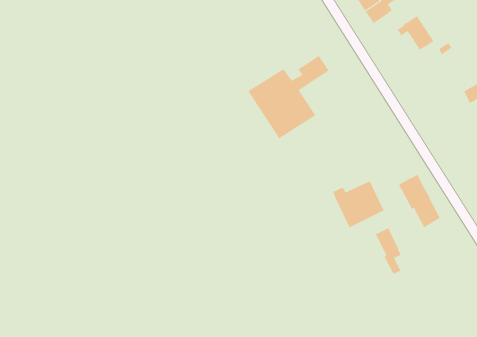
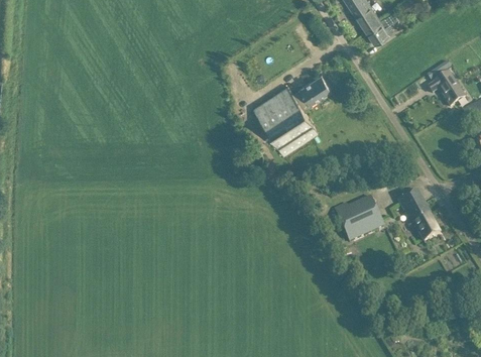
building: [397,15,434,51] -> [428,72,464,106]
building: [375,227,402,275] -> none

